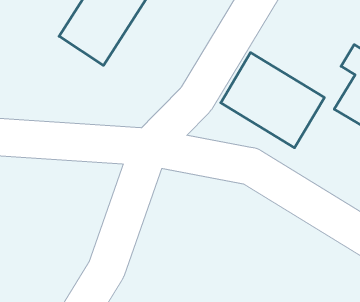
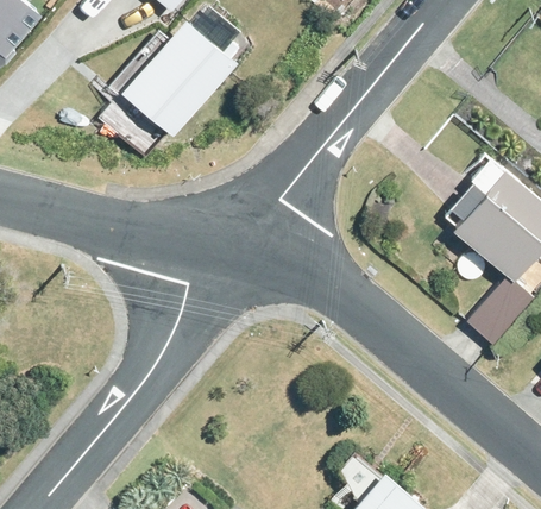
building: [221,53,324,148] -> none

